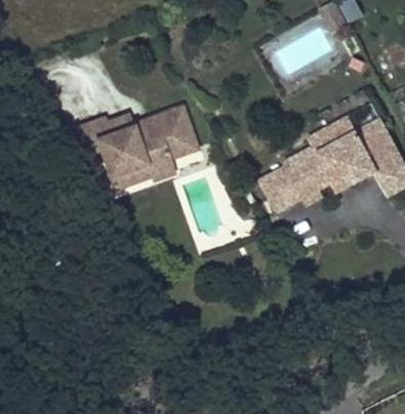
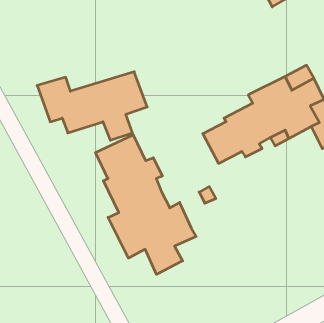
building: none -> [96,135,196,274]

